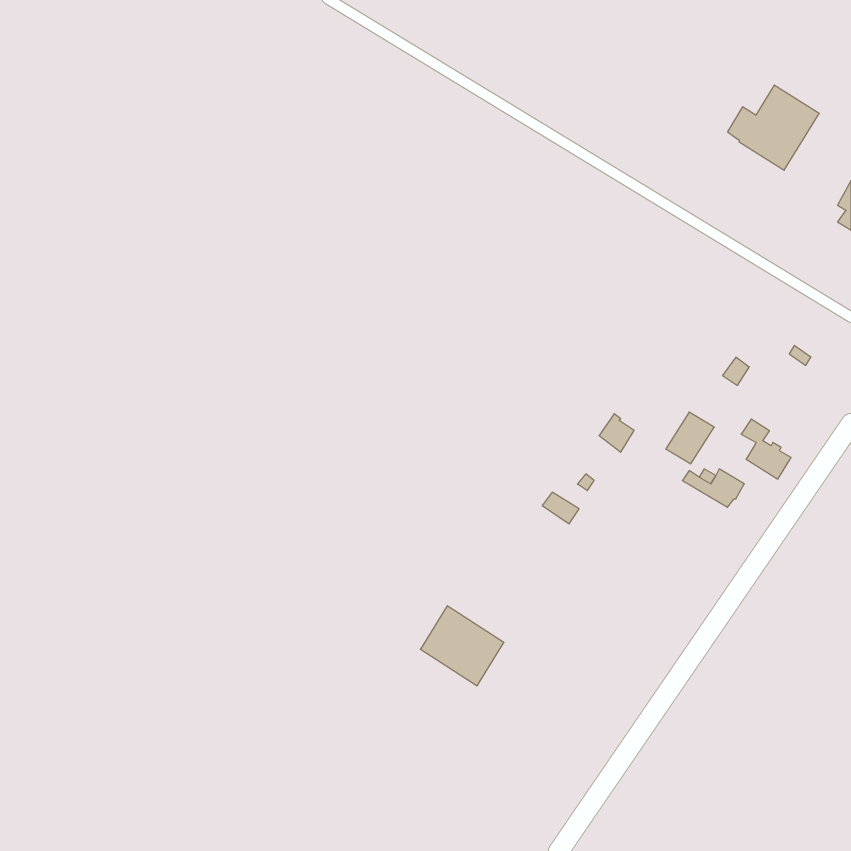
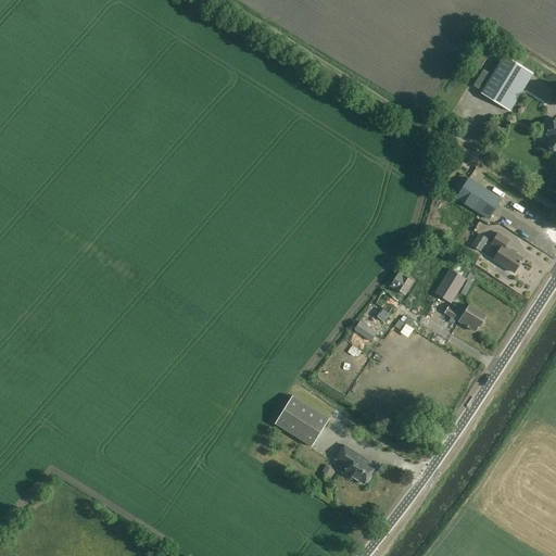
building: none -> [454,177,502,220]
building: [741,419,791,479] -> [490,232,522,271]
building: none -> [334,444,374,483]

